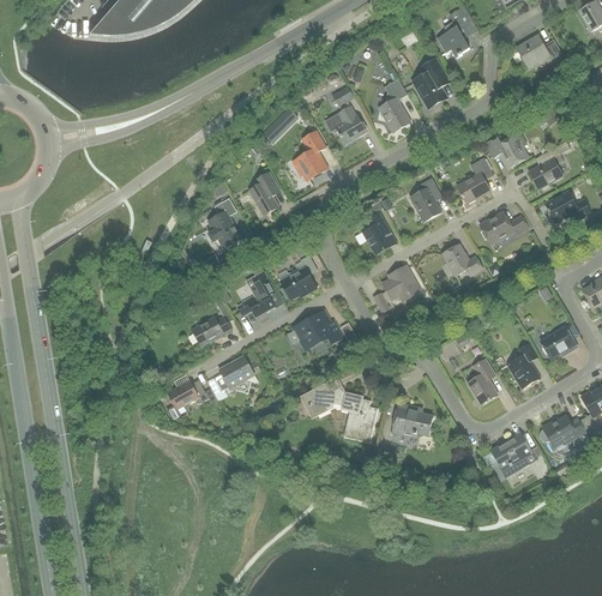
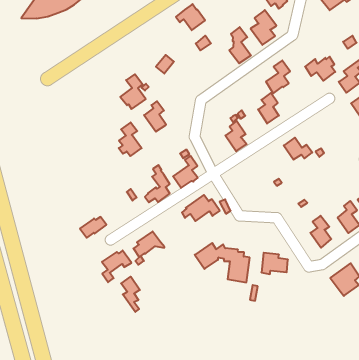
building: [325,106,366,143] -> [176,4,205,30]
building: [291,131,327,180] -> [120,74,146,109]
building: [457,157,493,203] -> [266,60,290,93]
building: [480,211,528,243] -> none
building: [374,265,420,312] -> none
building: [192,317,230,344] -> [80,217,106,238]
building: none -> [121,277,140,312]

